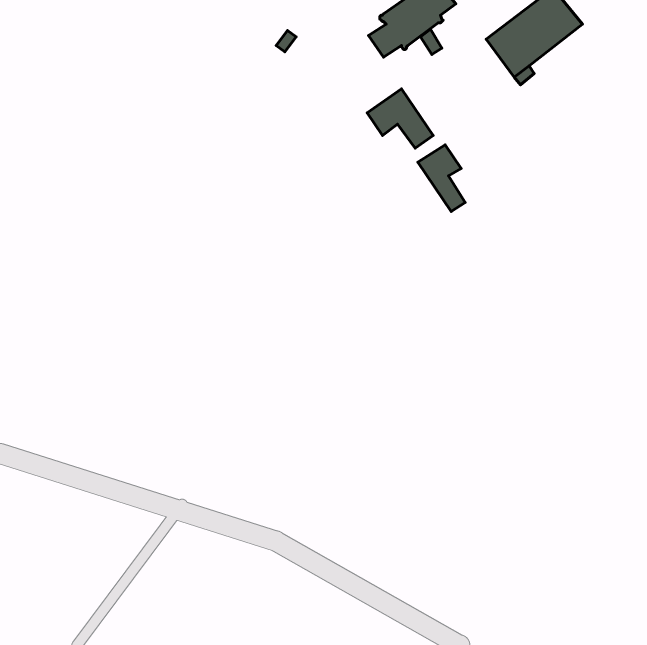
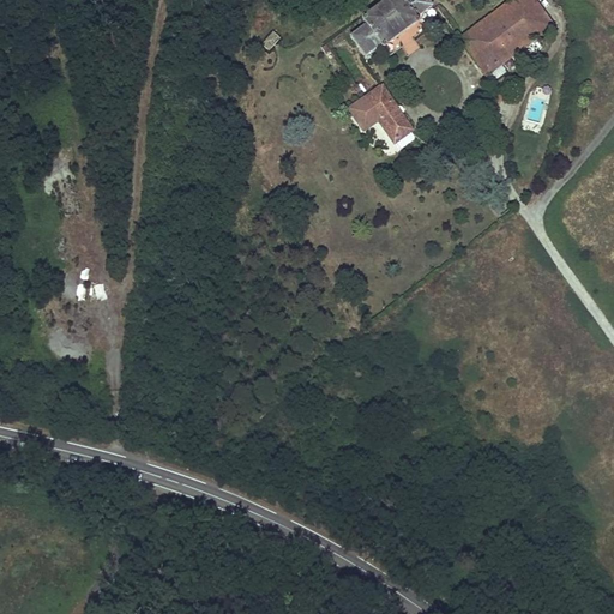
building: [418,145,465,211] -> none

